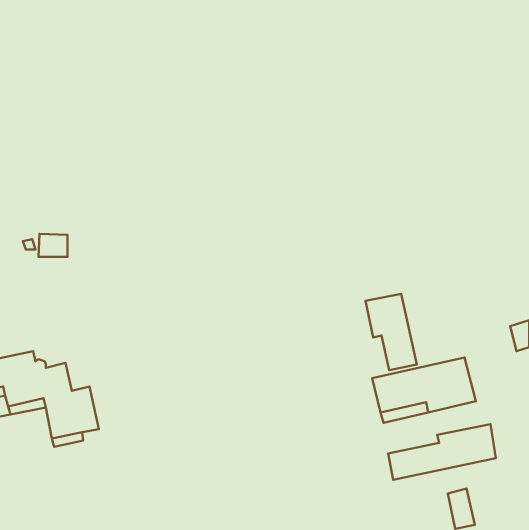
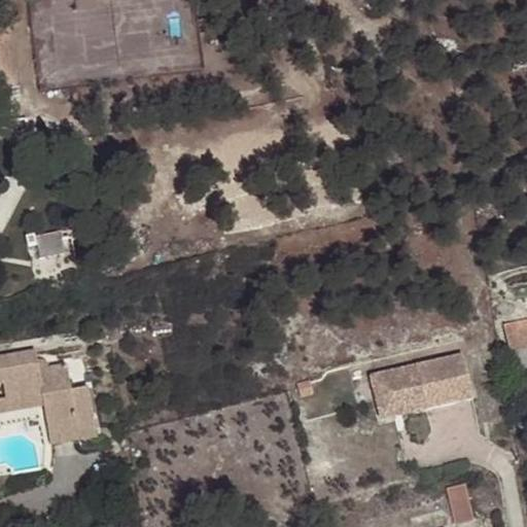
building: [365,294,417,370] -> none
building: [388,424,496,480] -> none

